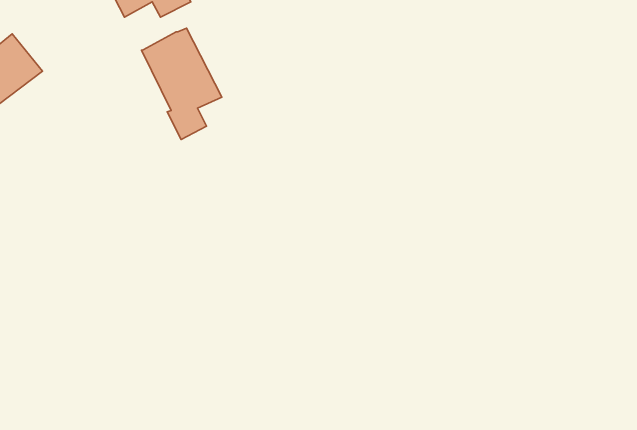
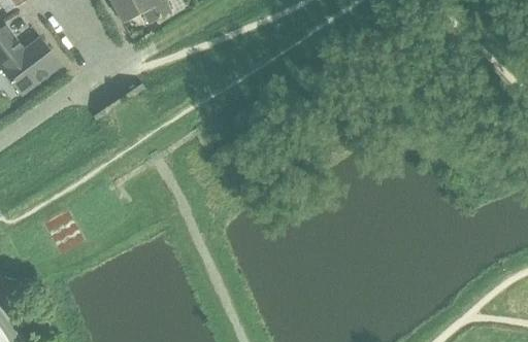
building: [142,28,222,140] -> none

